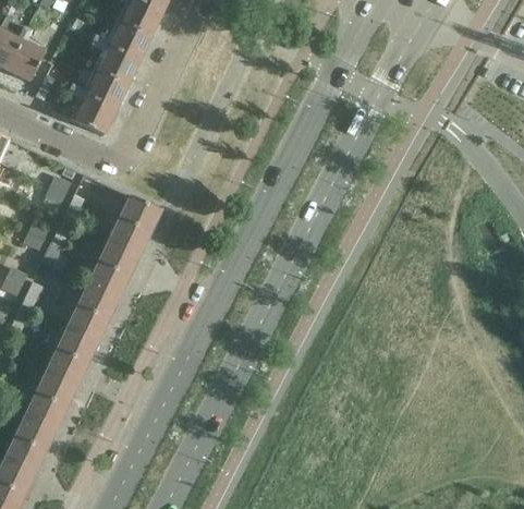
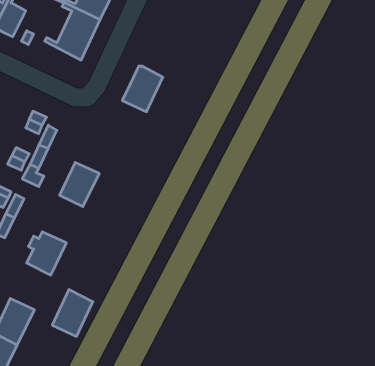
building: [68,87,115,135] -> none
building: [108,196,159,254] -> [122,66,163,112]
building: [66,281,118,341] -> none
building: [26,366,77,425] -> [52,290,93,336]

